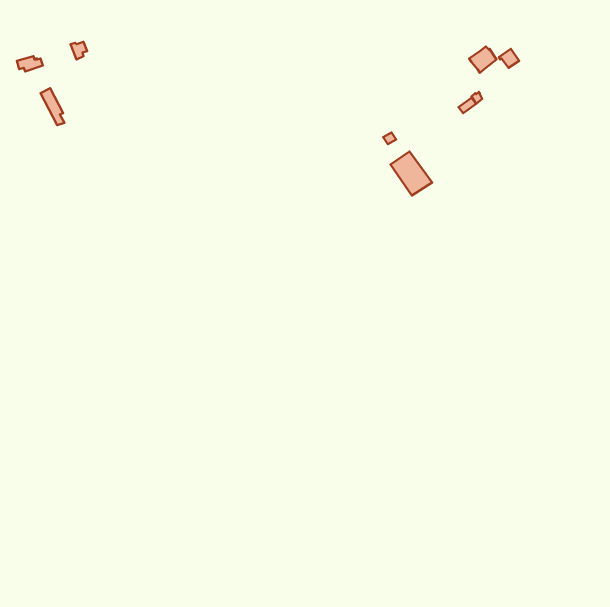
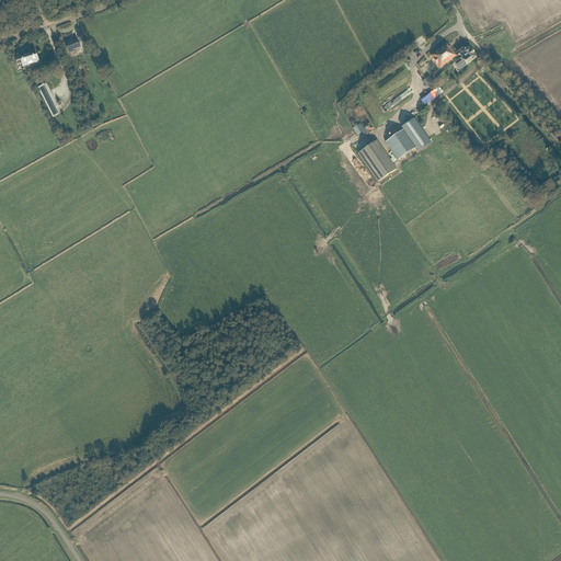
building: none -> [386,117,431,159]

